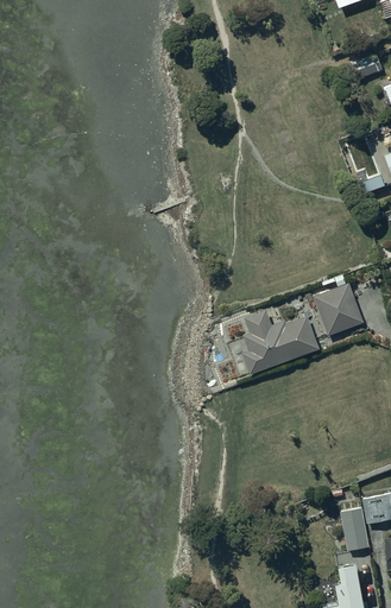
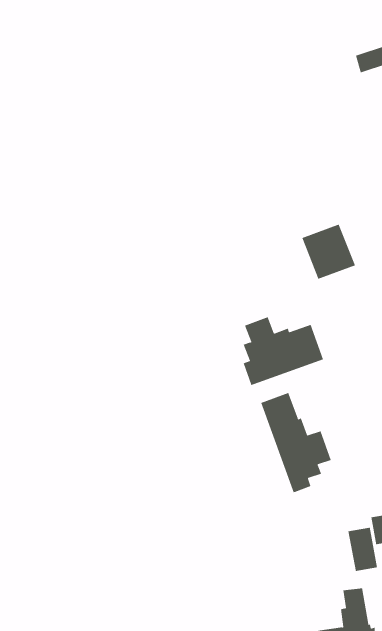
building: [314,283,365,335] -> [301,224,356,279]
building: none -> [261,392,332,494]

